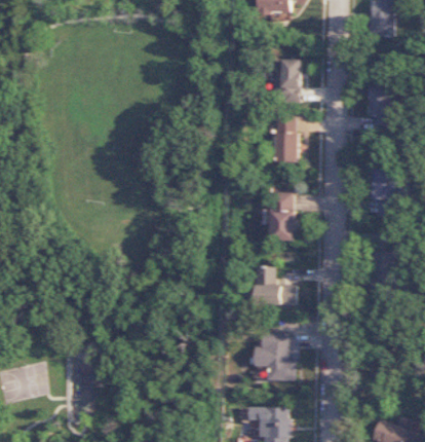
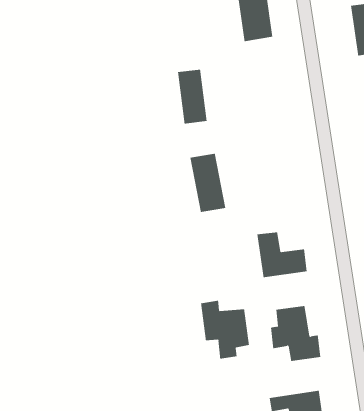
building: [275,116,298,162] -> [177,69,207,124]
building: [271,192,295,241] -> [190,153,226,213]
building: none -> [200,300,249,360]

